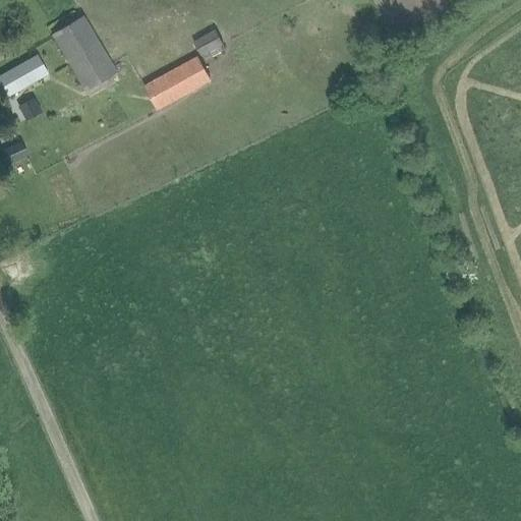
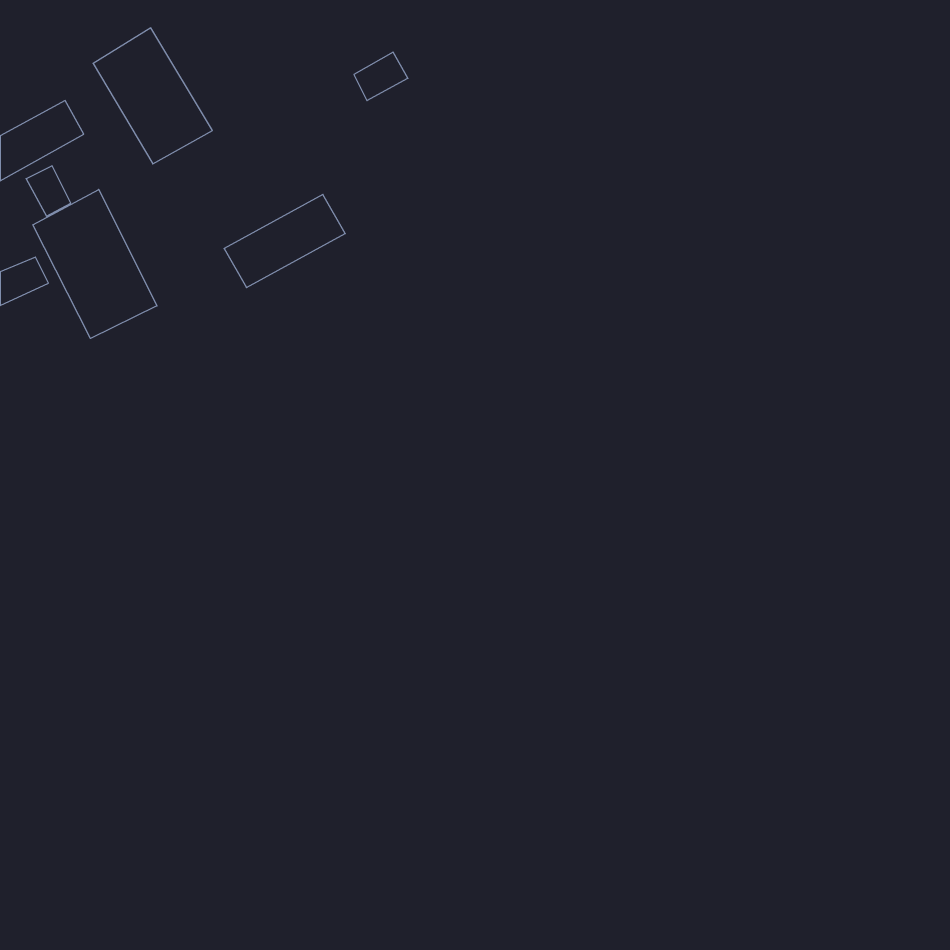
building: [144,57,211,108] -> [224,194,345,288]
building: none -> [33,189,157,338]

